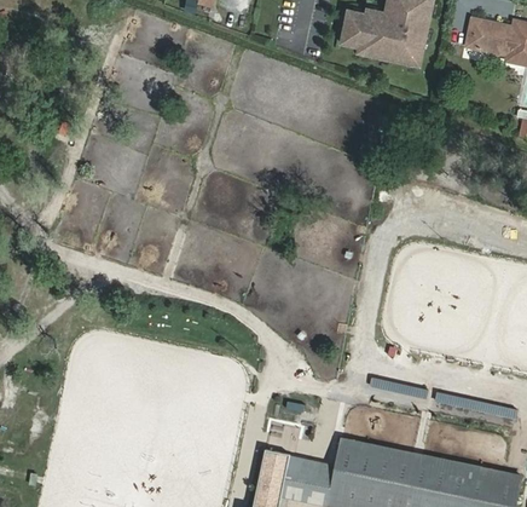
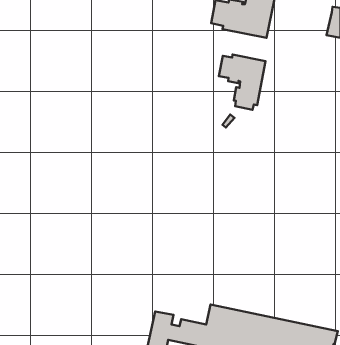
building: [467,19,512,54] -> none
building: none -> [219,55,265,110]

